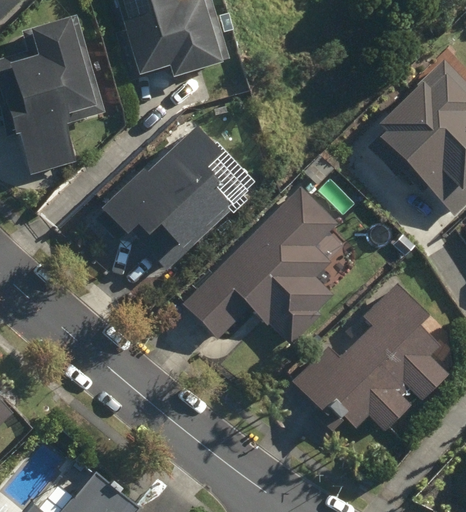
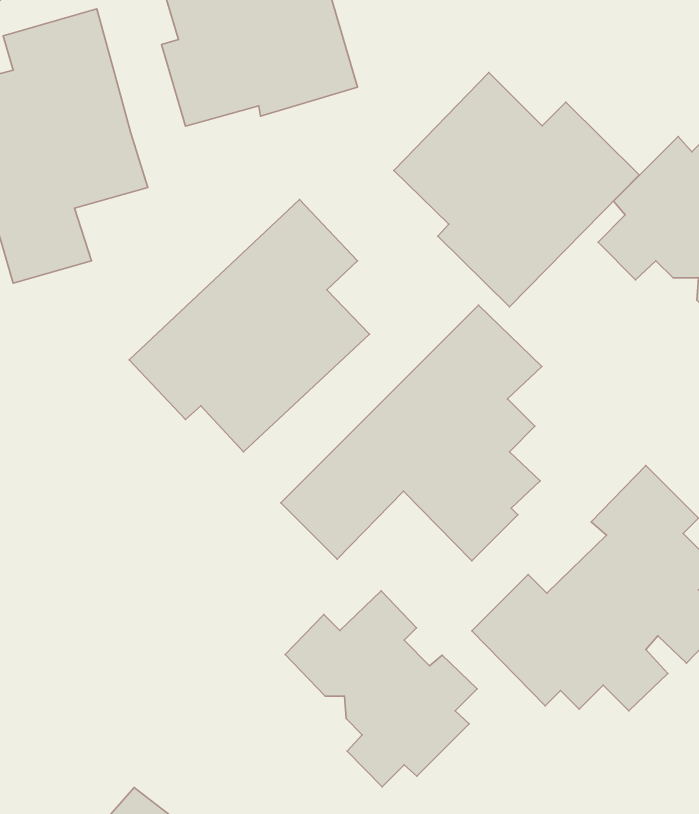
building: none -> [394,73,639,307]
building: none -> [285,591,477,787]

